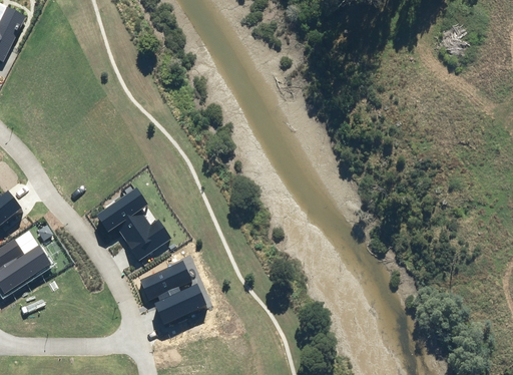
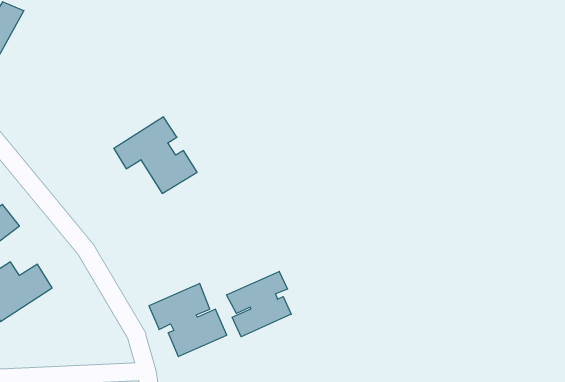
building: [94,190,168,258] -> [114,117,197,193]
building: none -> [227,271,291,337]

